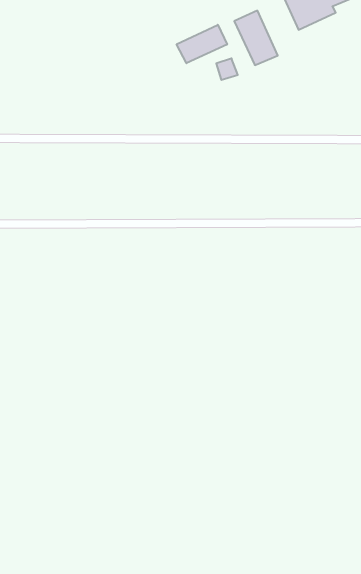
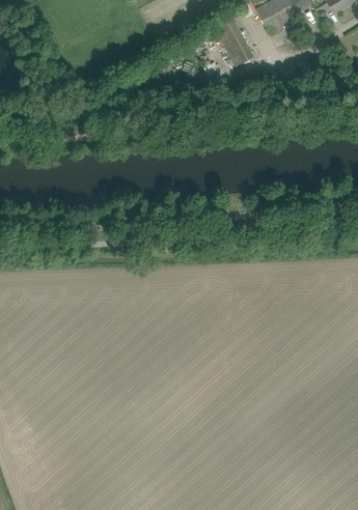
building: [177,25,227,63] -> none

